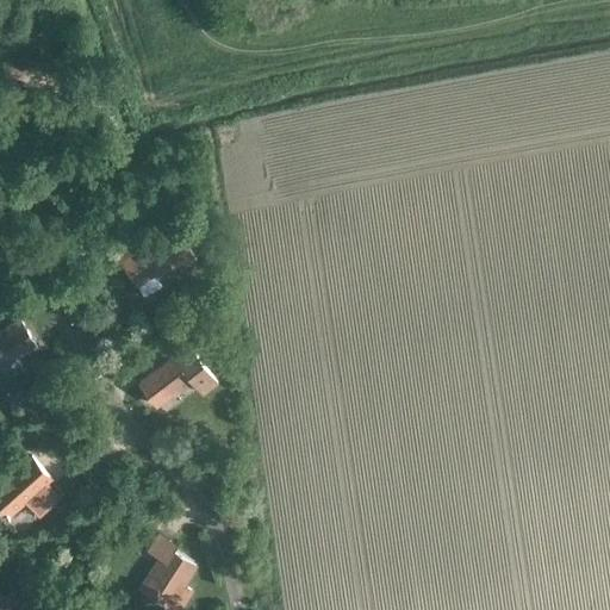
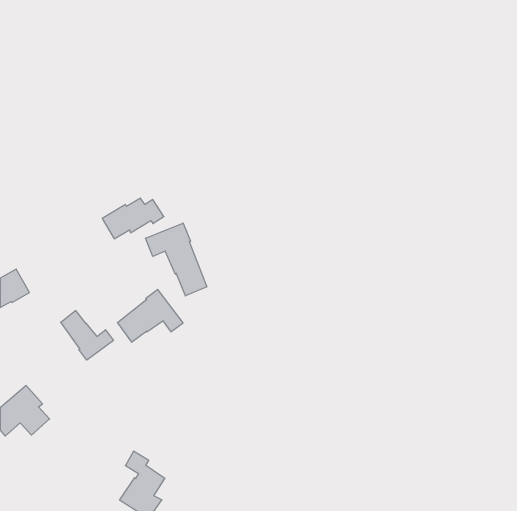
building: none -> [146,223,207,296]
building: none -> [61,311,113,360]

